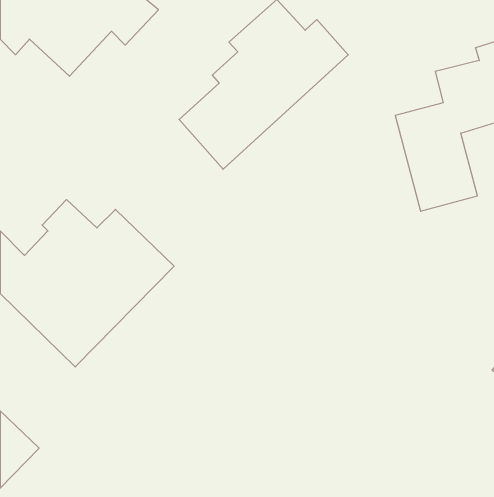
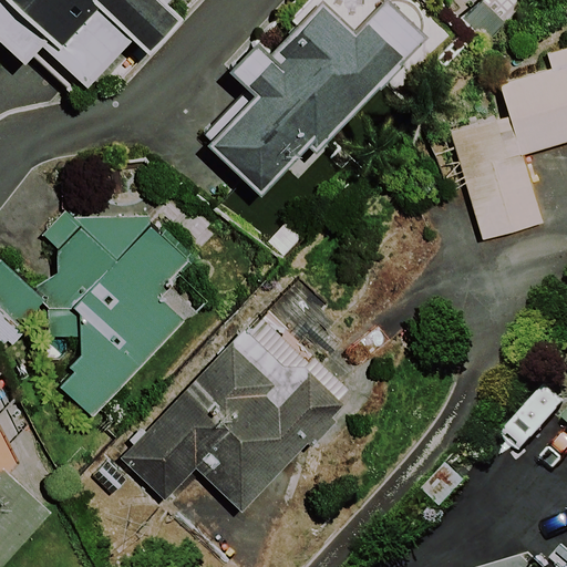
building: none -> [103,342,350,507]

